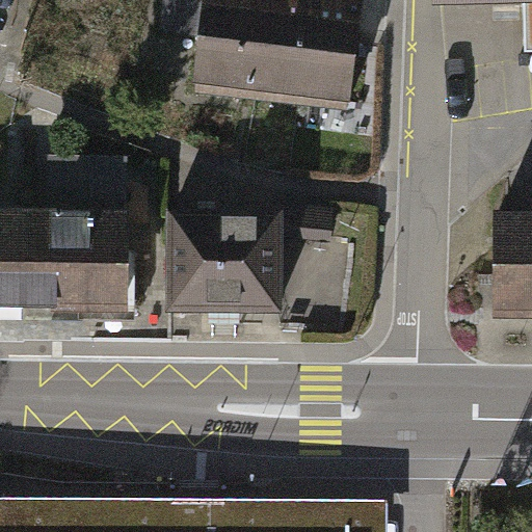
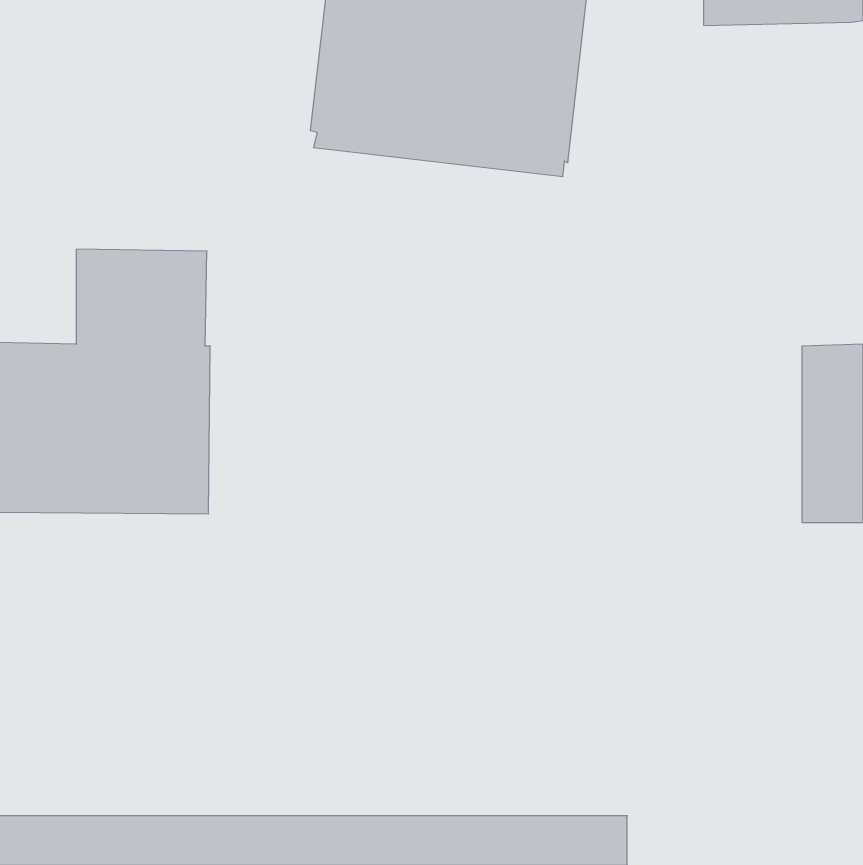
building: [175,210,345,319] -> none

